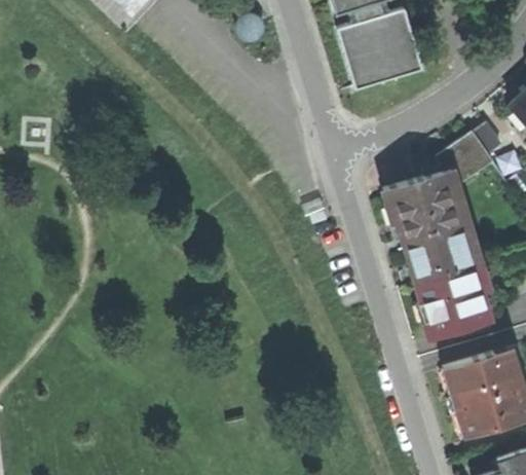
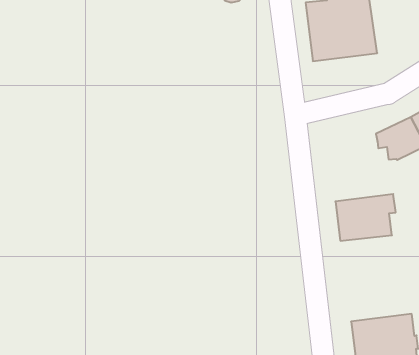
building: [384,163,467,236] -> none
building: [418,263,489,333] -> none

